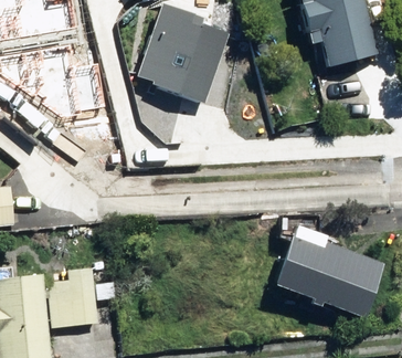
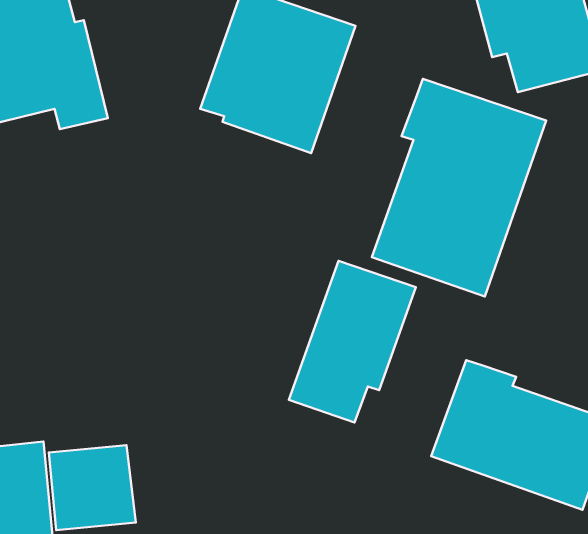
building: none -> [372,79,546,297]
building: none -> [289,261,416,423]

